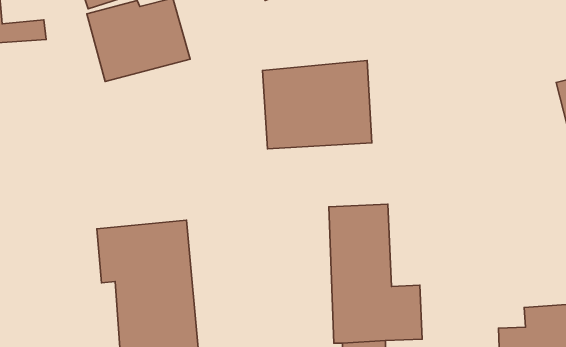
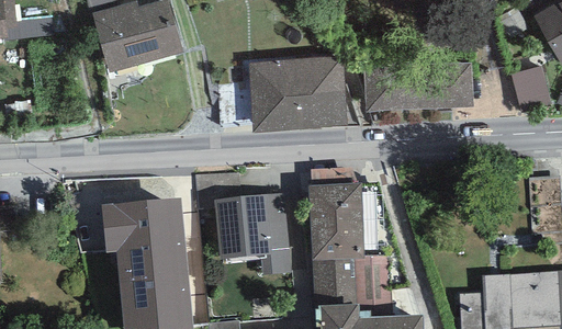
building: none -> [364,63,474,113]
building: none -> [214,194,292,275]

